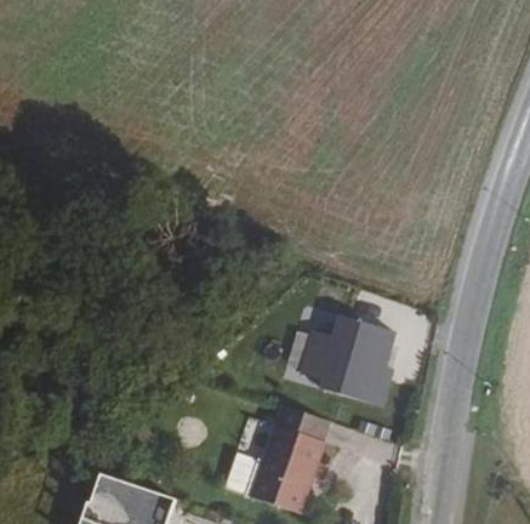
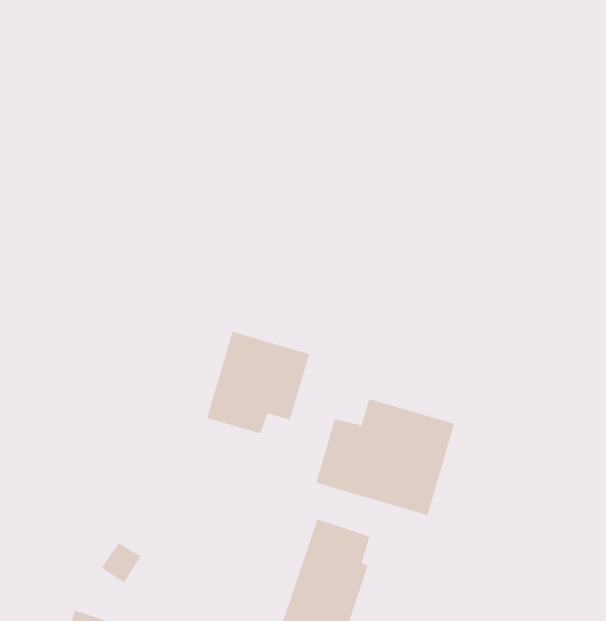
building: none -> [207,331,310,434]

